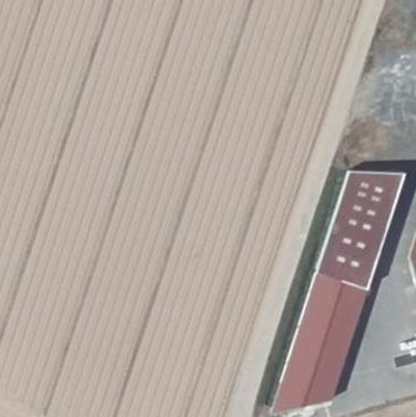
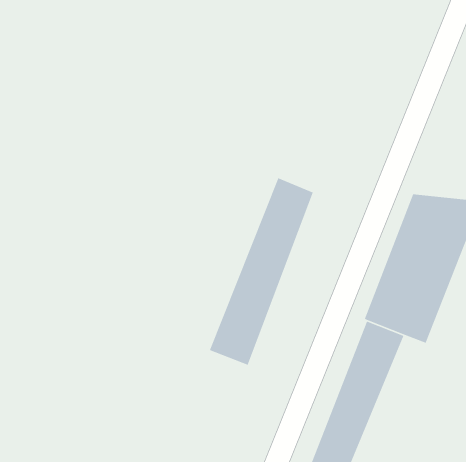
building: none -> [209,177,314,366]

